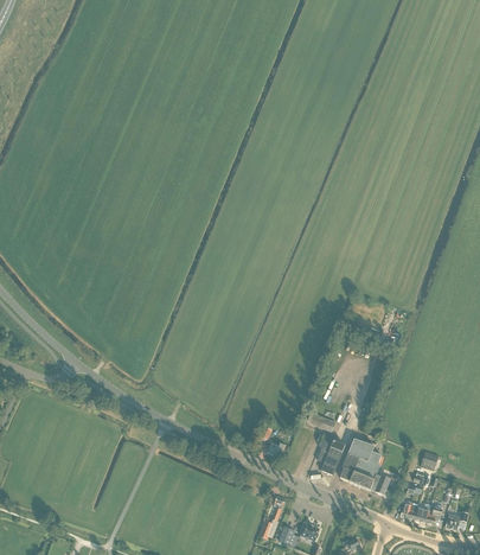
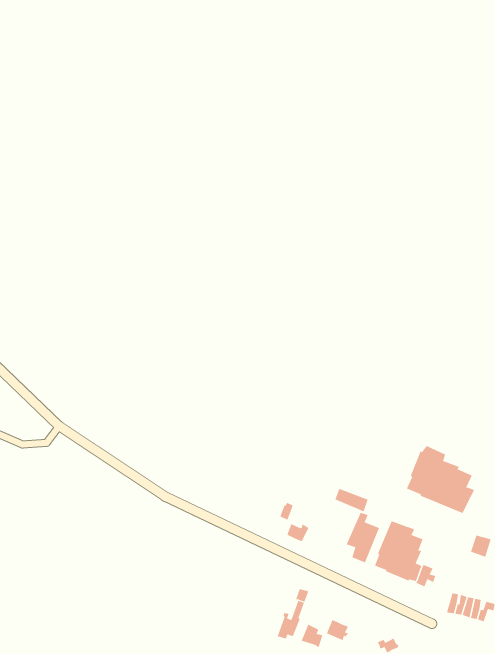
building: none -> [406,445,475,514]

